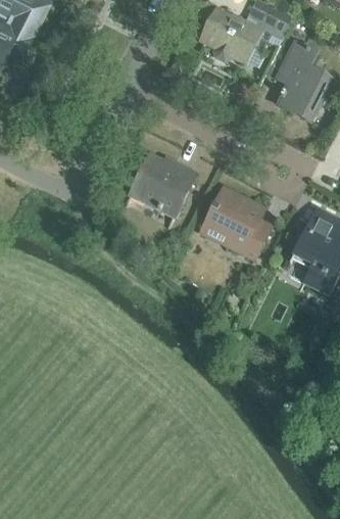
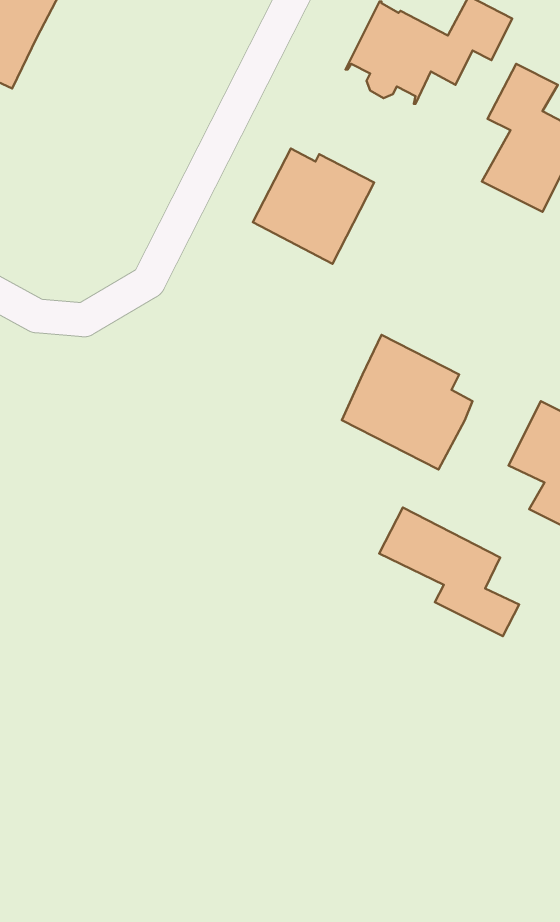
building: [129,154,194,217] -> [253,148,374,264]
building: none -> [379,508,519,636]

